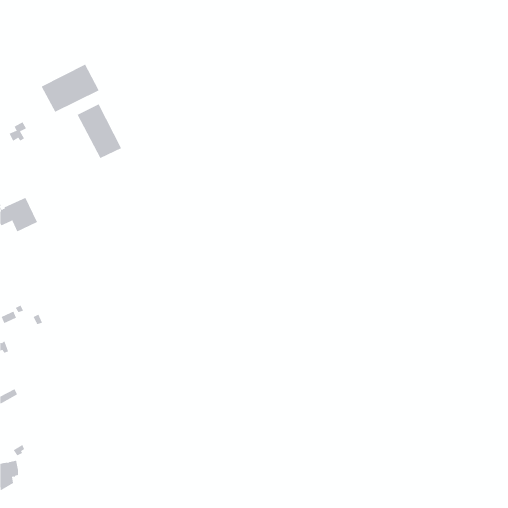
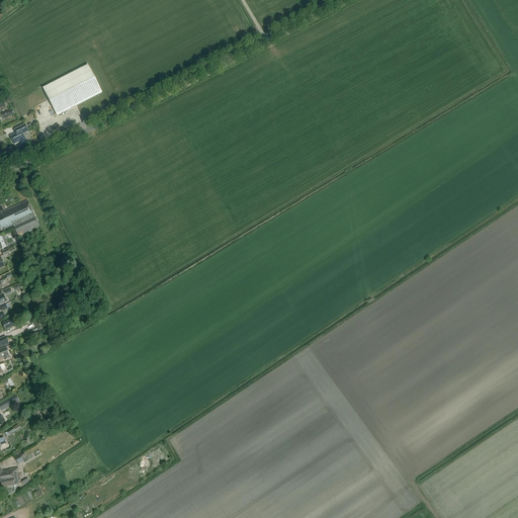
building: [77,103,122,159] -> none

